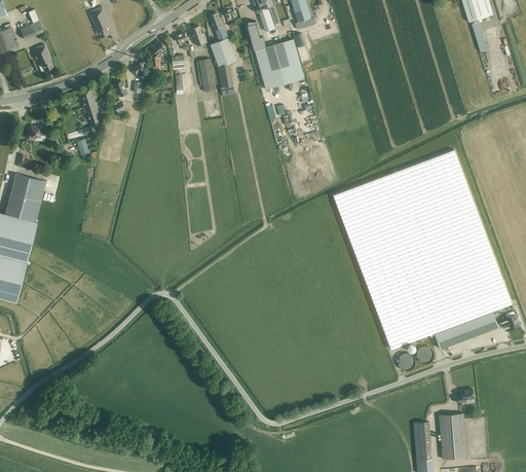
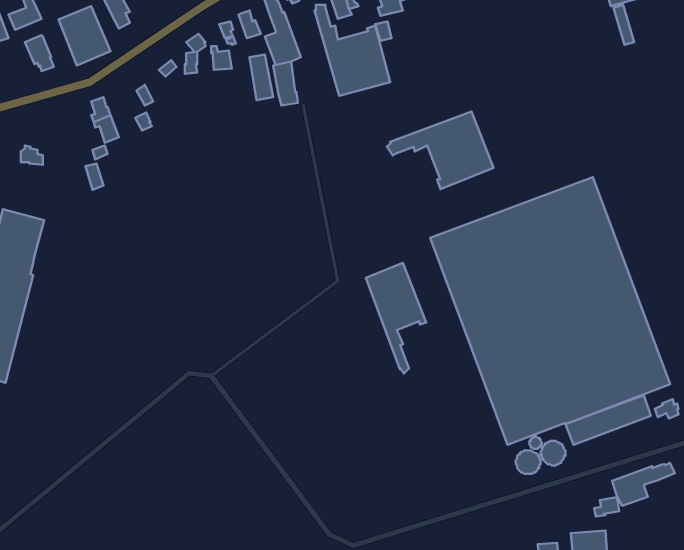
building: none -> [59,6,111,65]
building: none -> [387,111,493,189]
building: none -> [366,263,426,373]
building: none -> [612,463,675,506]

